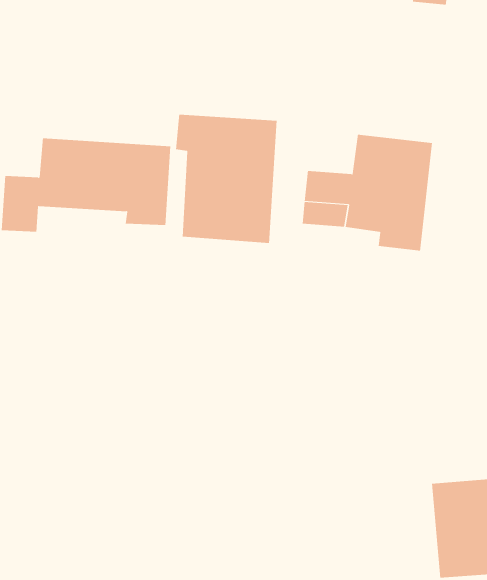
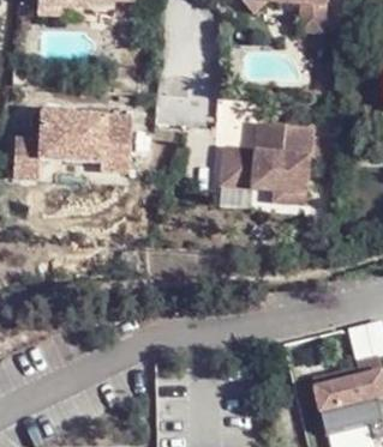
building: [176,114,277,244] -> none

